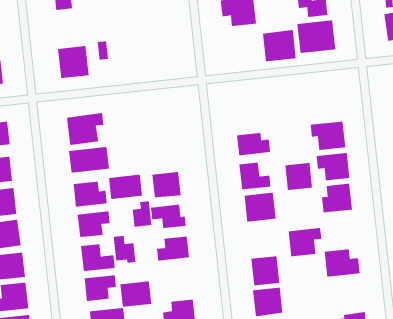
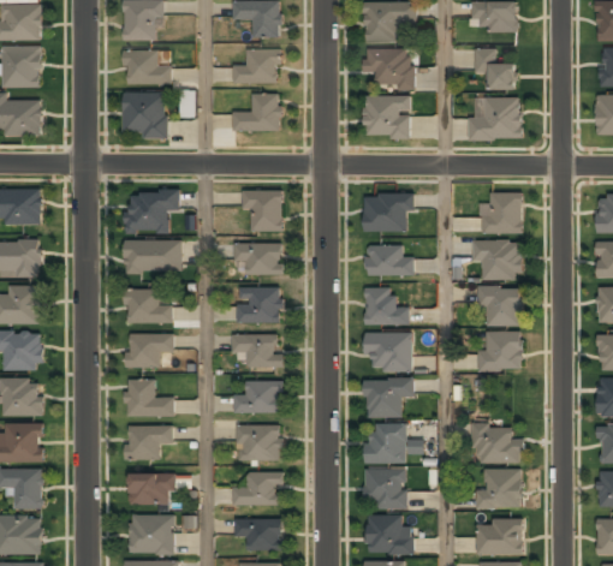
building: none -> [233,48,282,83]
building: none -> [125,50,171,85]
building: [262,29,297,62] -> [364,95,410,137]
building: none -> [233,93,281,131]
building: none -> [481,193,523,233]
building: none -> [364,193,411,231]
building: none -> [243,191,282,232]
building: [285,162,313,191] -> none
building: [108,174,143,199] -> [236,244,282,275]
building: [132,201,152,227] -> none
building: [288,228,322,257] -> [365,380,413,417]
building: [113,235,136,264] -> none
building: none -> [476,470,522,507]
building: [120,281,152,307] -> [237,427,280,460]

